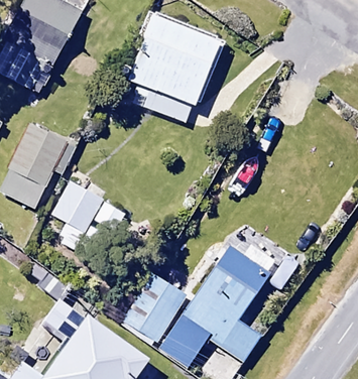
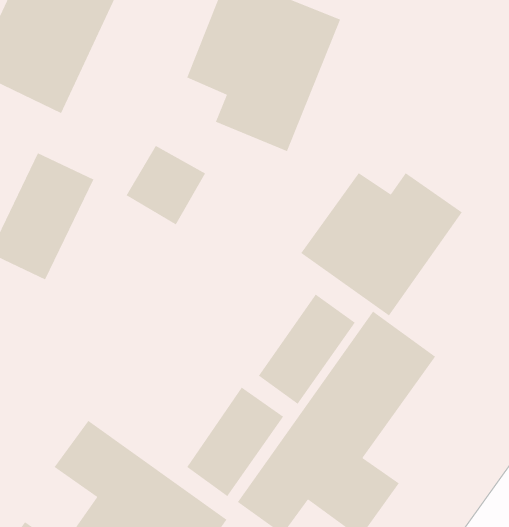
building: none -> [300,172,463,316]
building: [51,180,103,232] -> [126,145,206,225]
building: none -> [258,293,356,405]

